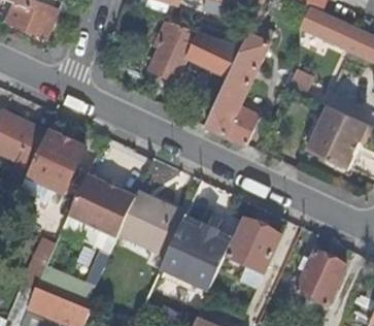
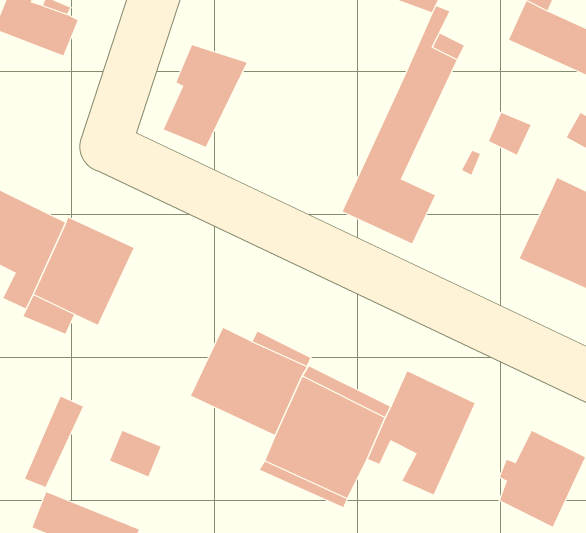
building: [150,21,199,79] -> [163,45,248,147]
building: [196,34,242,74] -> none
building: [70,173,135,232] -> none

